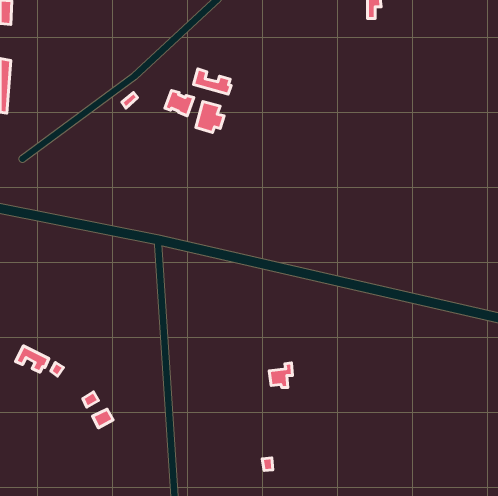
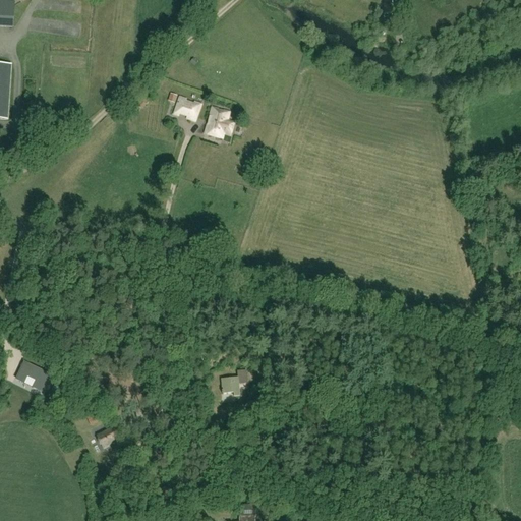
building: [193,69,231,94] -> none
building: [269,363,293,387] -> [221,369,245,395]

